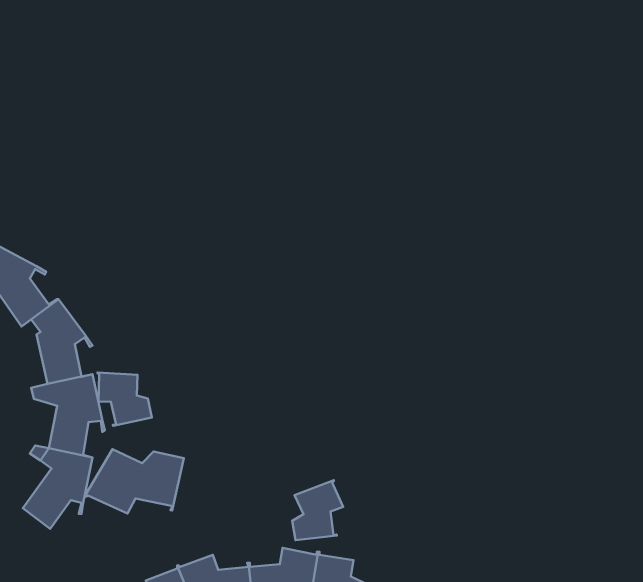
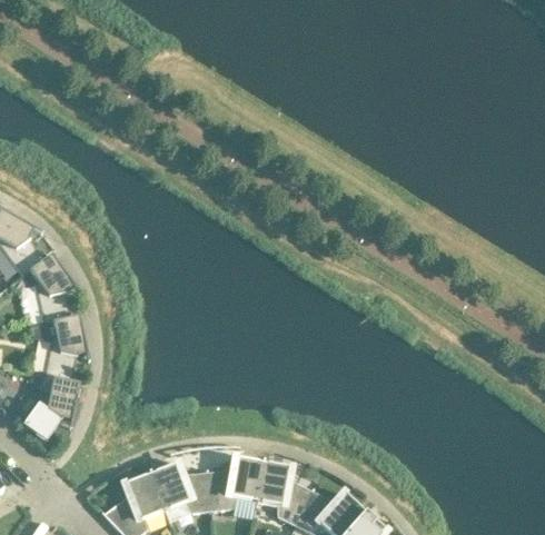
building: [98,373,152,426] -> none
building: [84,449,184,513] -> none
building: [292,480,343,540] -> none

